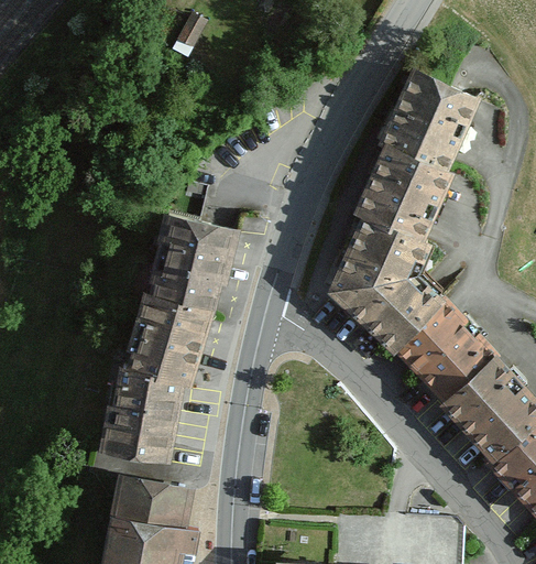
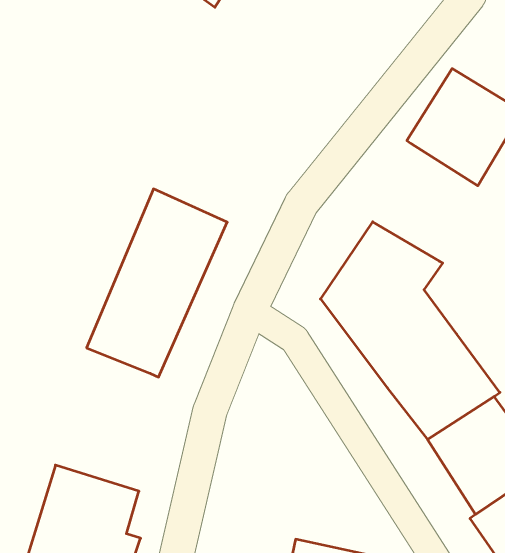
building: [354,142,457,243] -> none
building: [106,368,185,464] -> none

